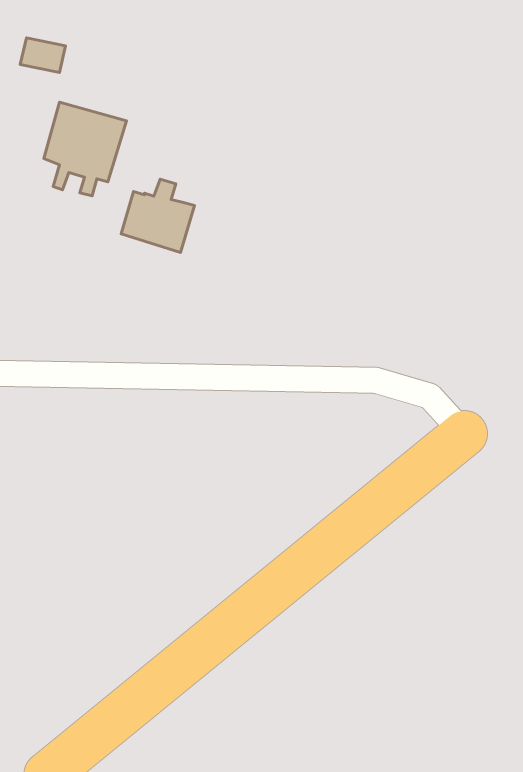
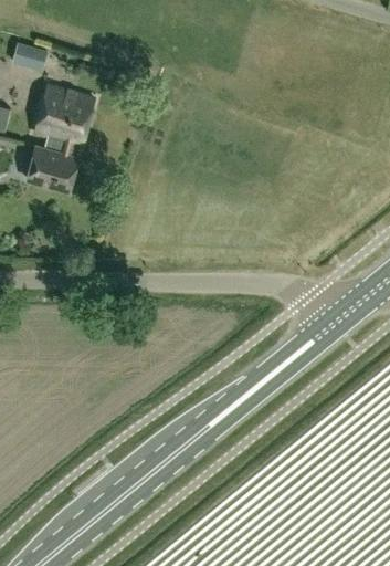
building: [121,179,194,253] -> [27,138,78,190]

